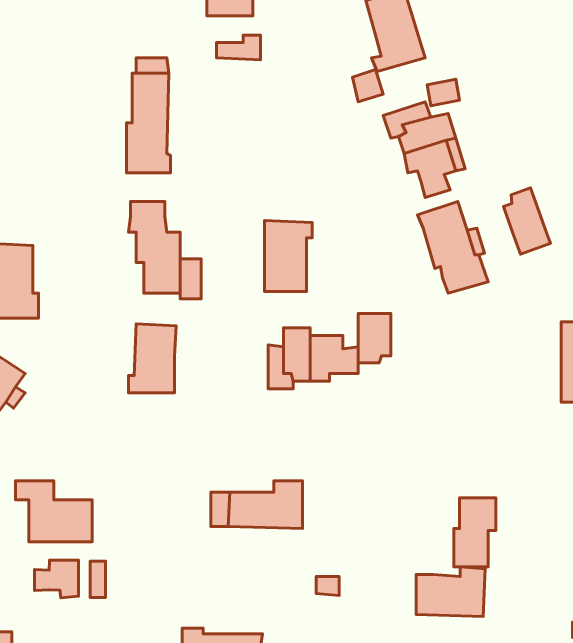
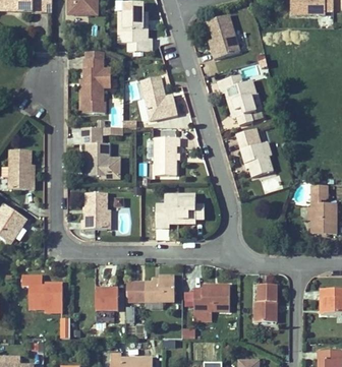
building: none -> [118,28,148,43]
building: none -> [140,76,177,120]
building: [503,188,550,254] -> none
building: [358,314,391,363] -> none
building: none -> [96,288,118,310]
building: [35,560,79,598] -> none
building: [416,567,485,617] -> [193,284,230,310]

